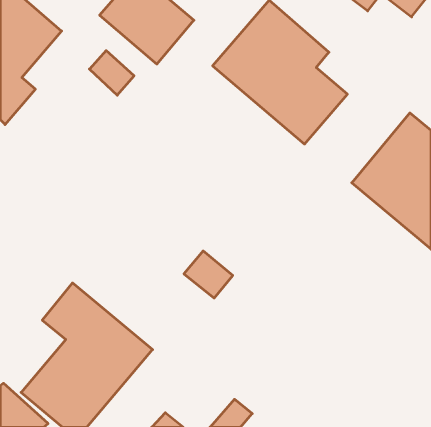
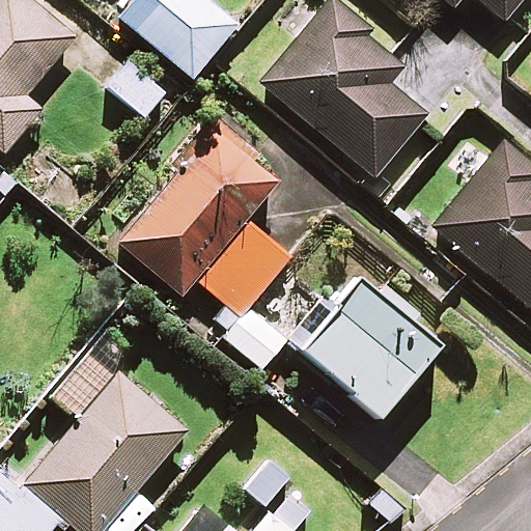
building: none -> [120,117,289,314]
building: none -> [307,281,444,417]

